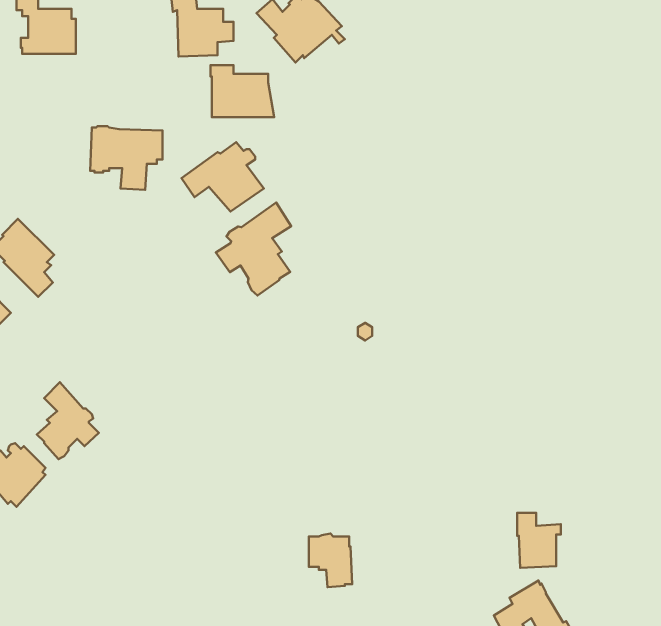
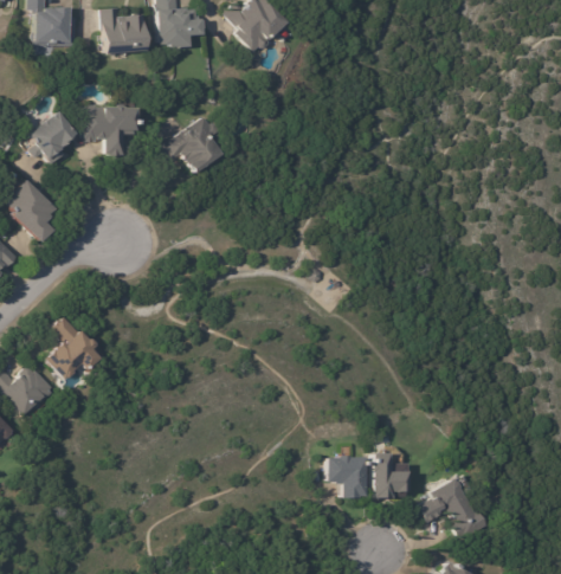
building: [210,65,274,117] -> [104,8,156,51]
building: none -> [31,111,82,165]
building: [216,202,291,295] -> none
building: [517,513,561,568] -> [373,451,408,496]
building: [309,534,352,587] -> [327,451,362,495]

